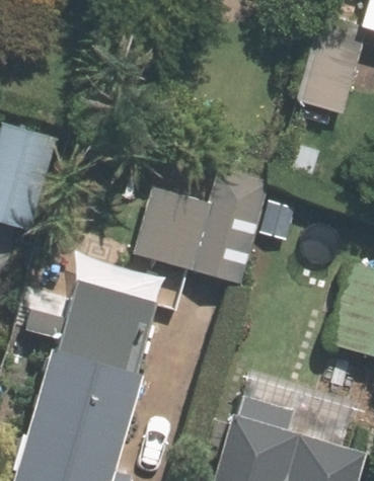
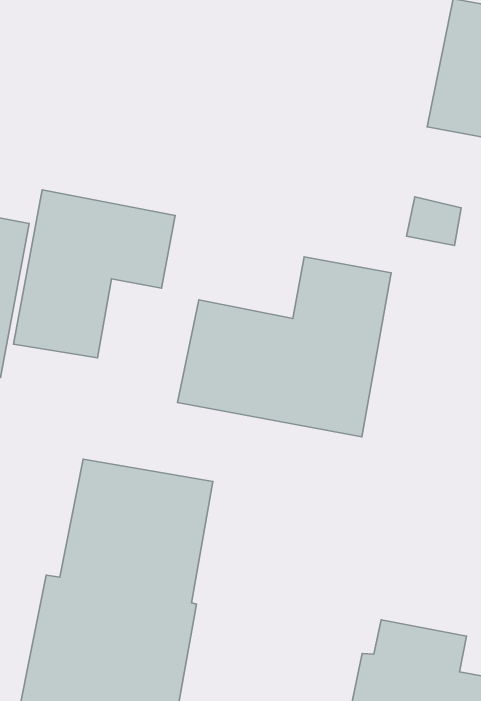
building: none -> [13,190,175,358]

